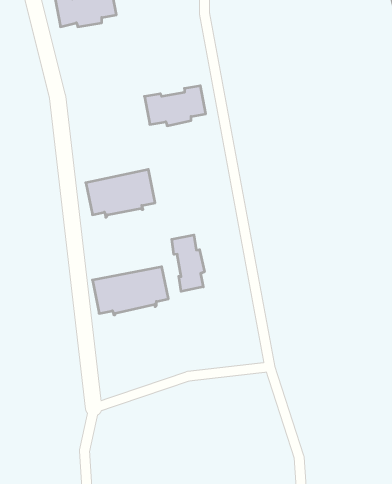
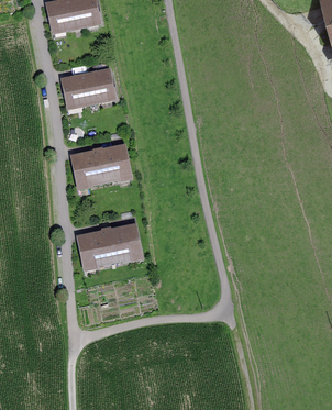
building: [144,86,206,126] -> [63,71,113,104]
building: [172,235,204,291] -> none

